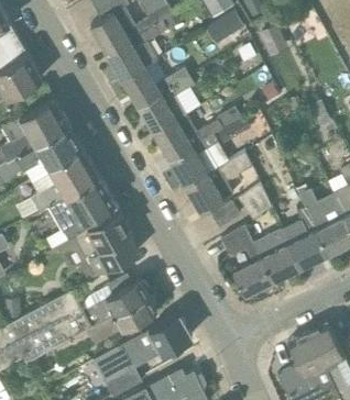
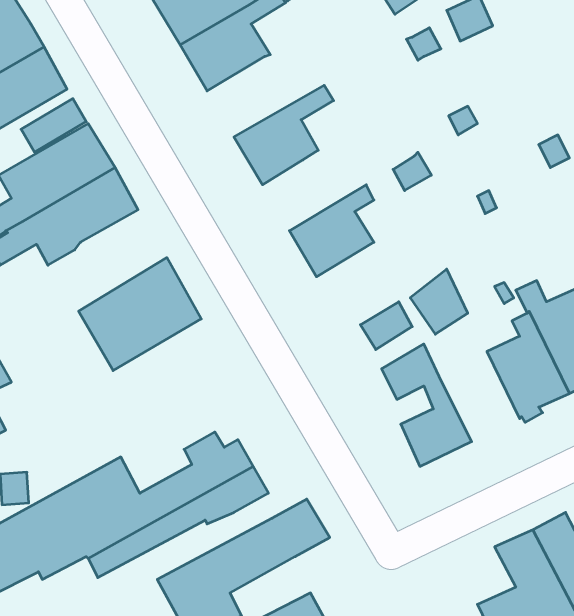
building: [121,60,188,107] -> none
building: [153,114,221,160] -> none
building: [30,148,98,211] -> none
building: [184,153,251,214] -> none
building: [56,211,131,280] -> none
building: [254,230,300,281] -> none

